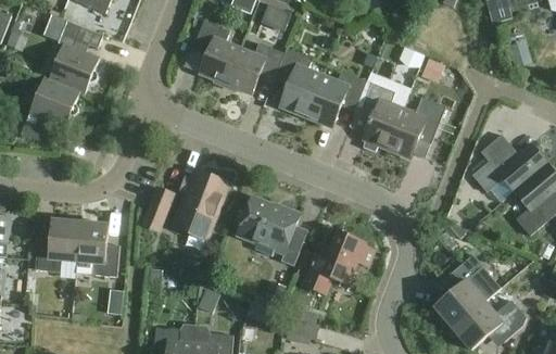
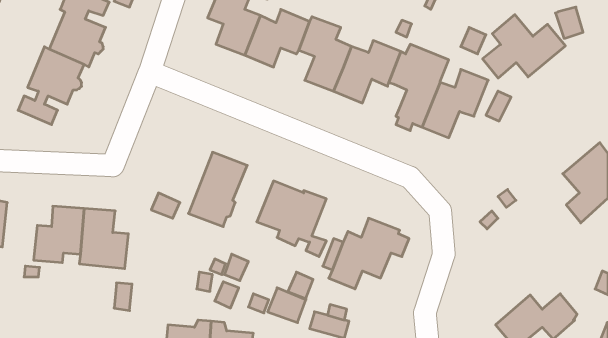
building: [472,134,547,191] -> [483,15,565,78]
building: [434,254,491,327] -> none

